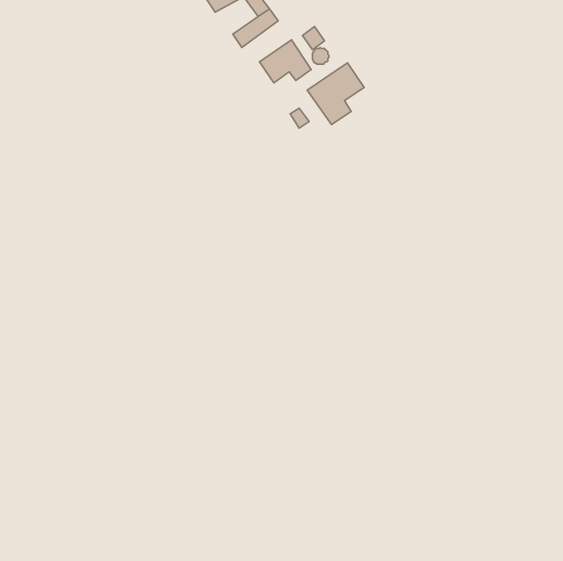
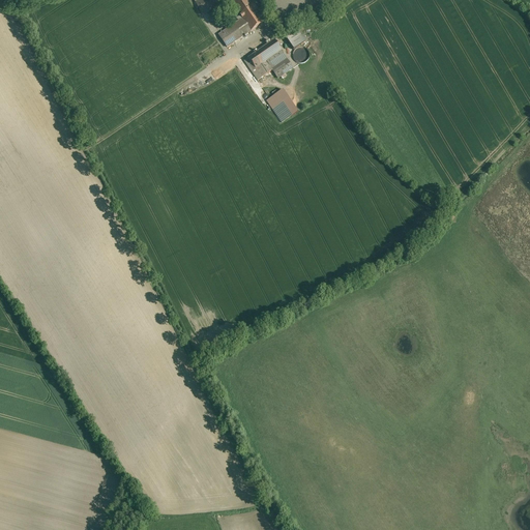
building: [307,63,364,125] -> none

